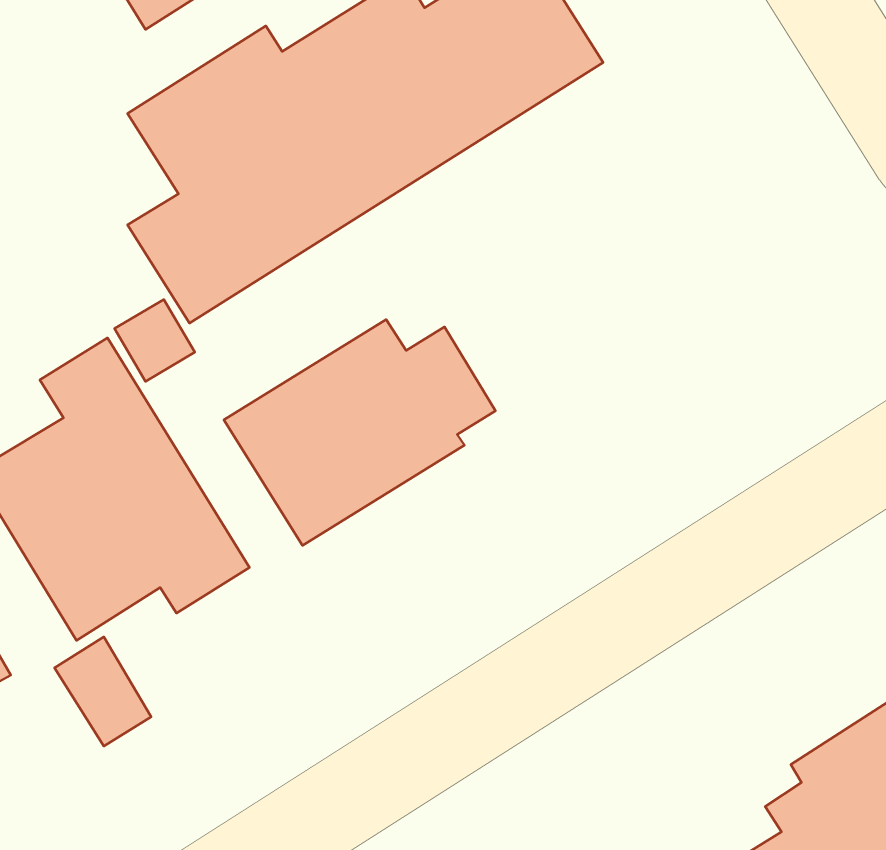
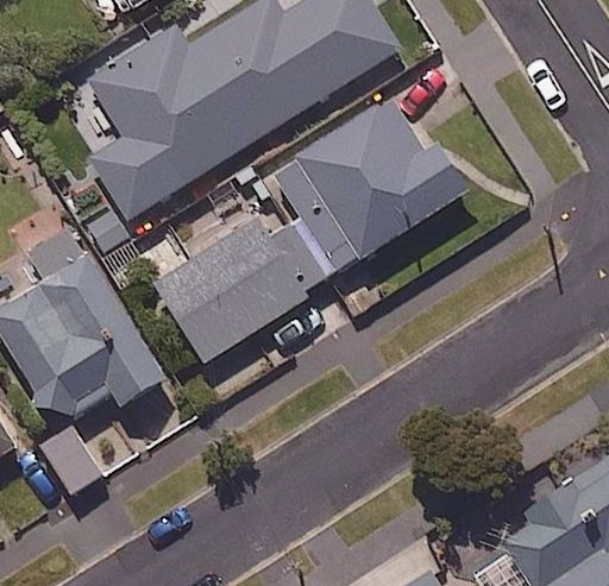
building: none -> [266,99,469,276]

